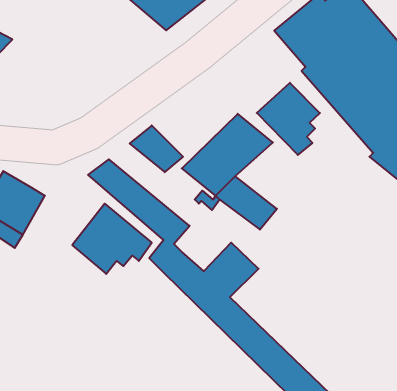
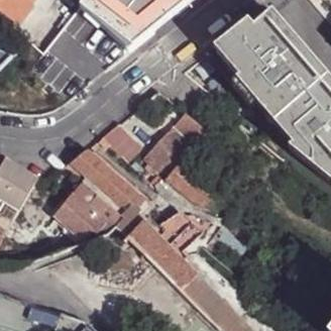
building: [257,83,320,155] -> none

